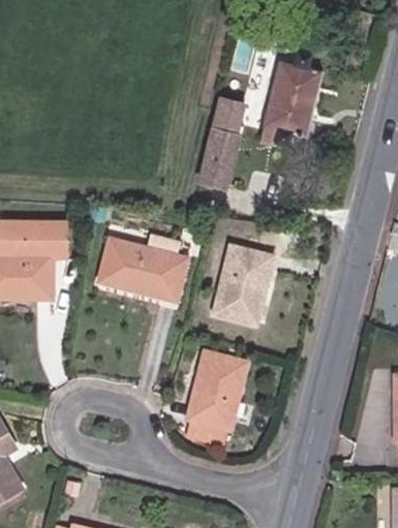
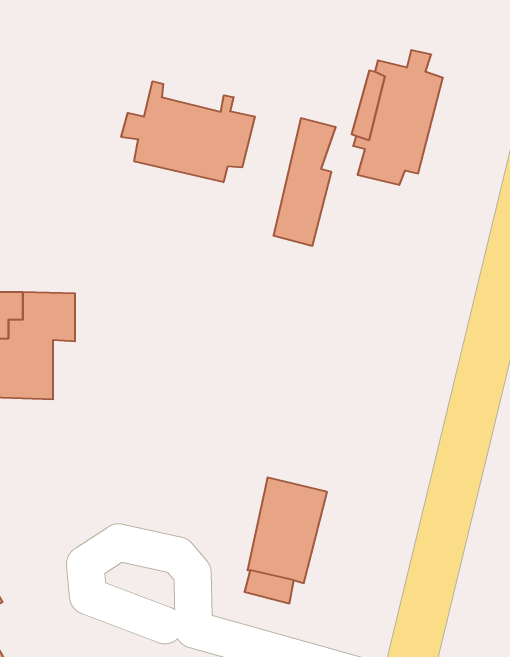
building: none -> [121,81,255,182]
building: [98,240,185,299] -> none
building: [208,245,271,325] -> none

